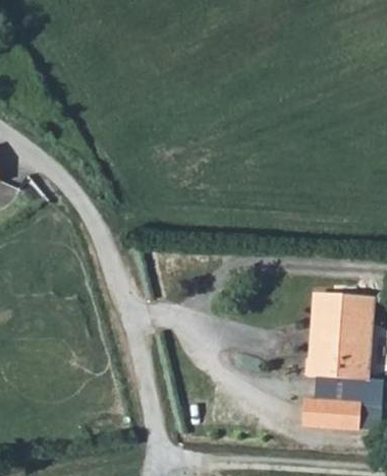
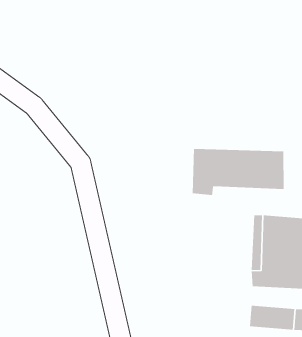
building: none -> [192,148,284,196]

